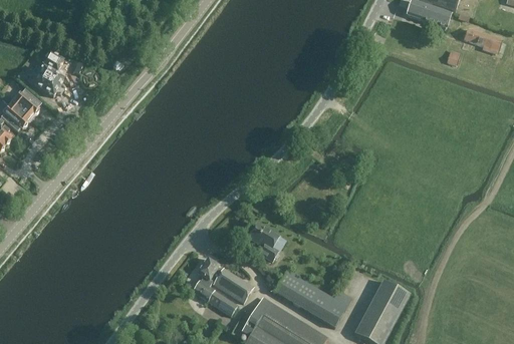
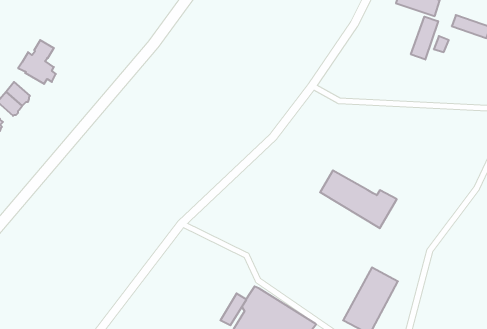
building: none -> [411,17,438,60]
building: [247,225,282,261] -> none
building: [193,258,252,316] -> none
building: [273,270,350,328] -> [320,170,397,228]

